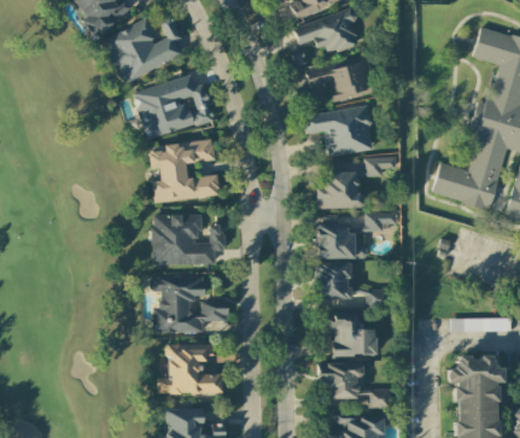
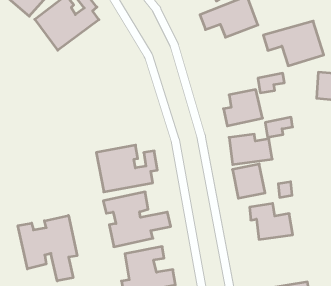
building: [134,75,214,140] -> none
building: [304,107,374,157] -> [263,21,324,66]
building: [147,140,220,203] -> none
building: none -> [18,215,77,281]
building: [321,363,391,407] -> none

